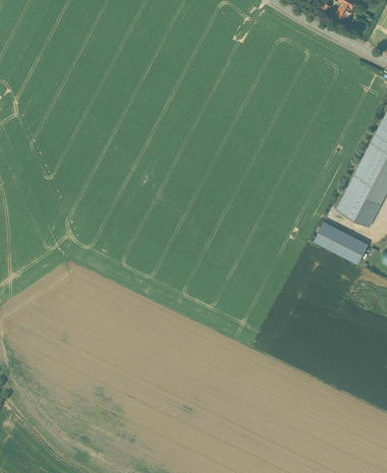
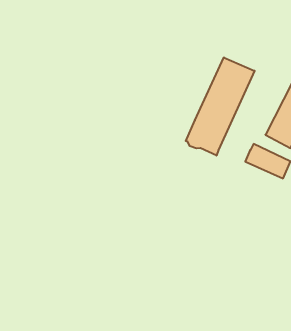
building: none -> [186,57,255,156]

